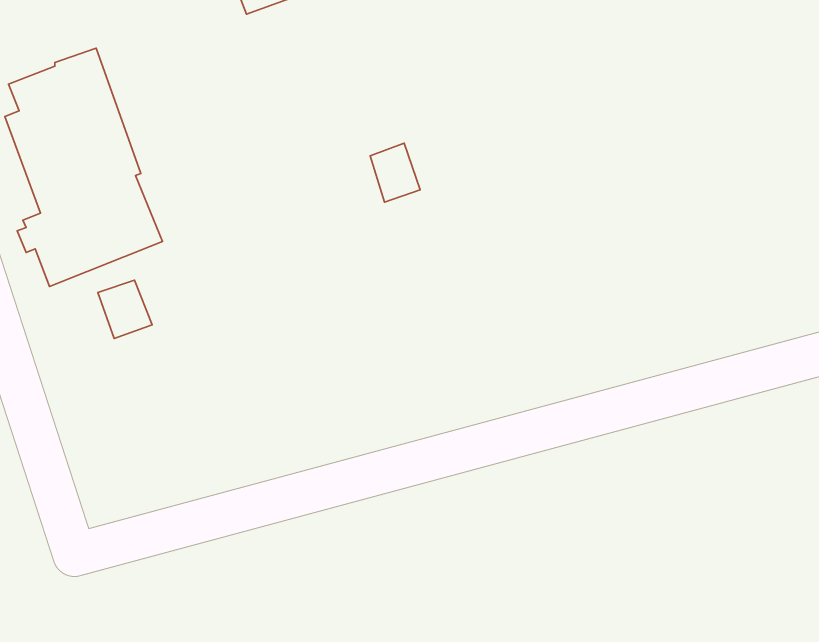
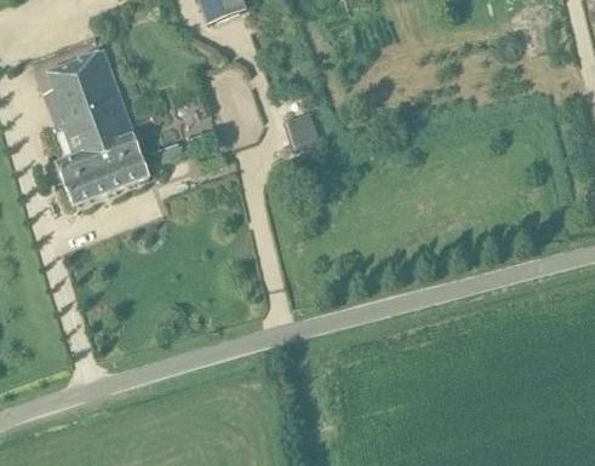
building: [98,280,152,338] -> none

